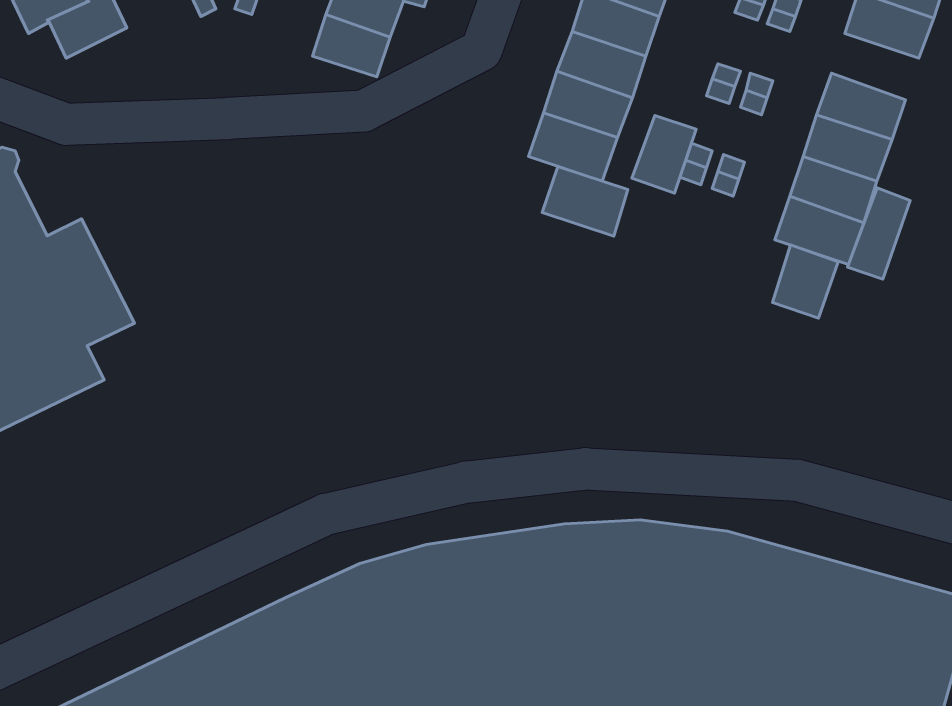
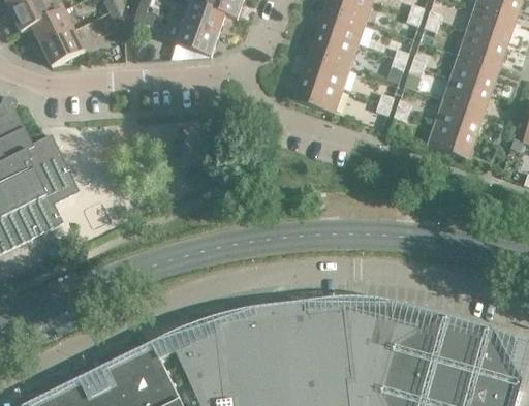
building: none -> [40,30,84,67]
building: none -> [458,33,505,69]
building: [632,115,696,193] -> none
building: [542,167,628,236] -> none
building: [848,188,910,279] -> none
building: [773,245,838,318] -> none

